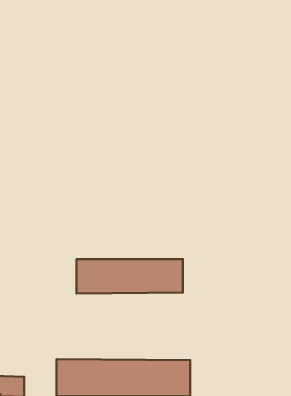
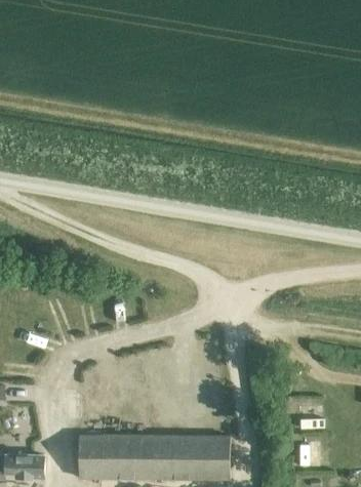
building: [77,259,183,294] -> none

